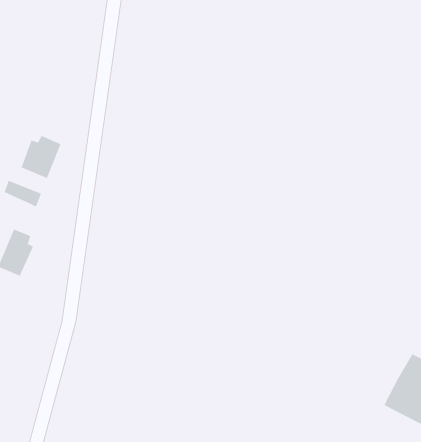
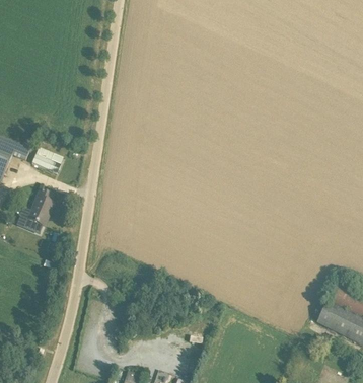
building: [21,135,61,179] -> none

